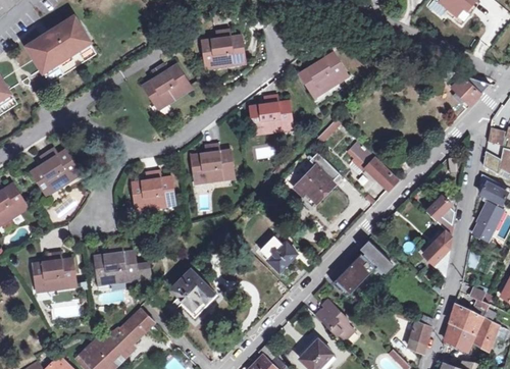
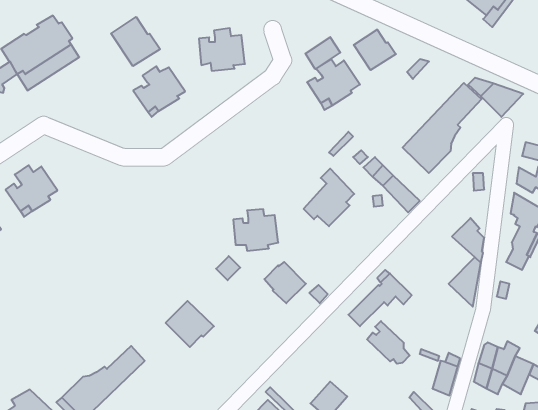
building: none -> [111,17,160,66]
building: none -> [354,29,396,70]
building: none -> [305,37,340,69]
building: none -> [403,83,482,173]
building: [248,99,290,136] -> none
building: [191,147,231,183] -> [233,209,278,251]
building: [133,172,173,209] -> none
building: [93,249,148,291] -> none
building: [34,250,76,287] -> none
building: [315,301,353,338] -> [367,321,410,364]

